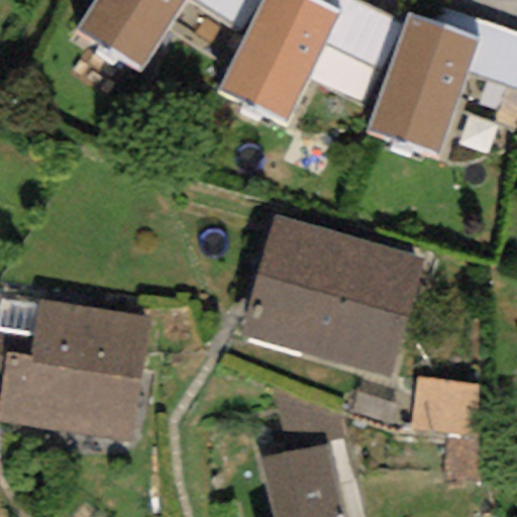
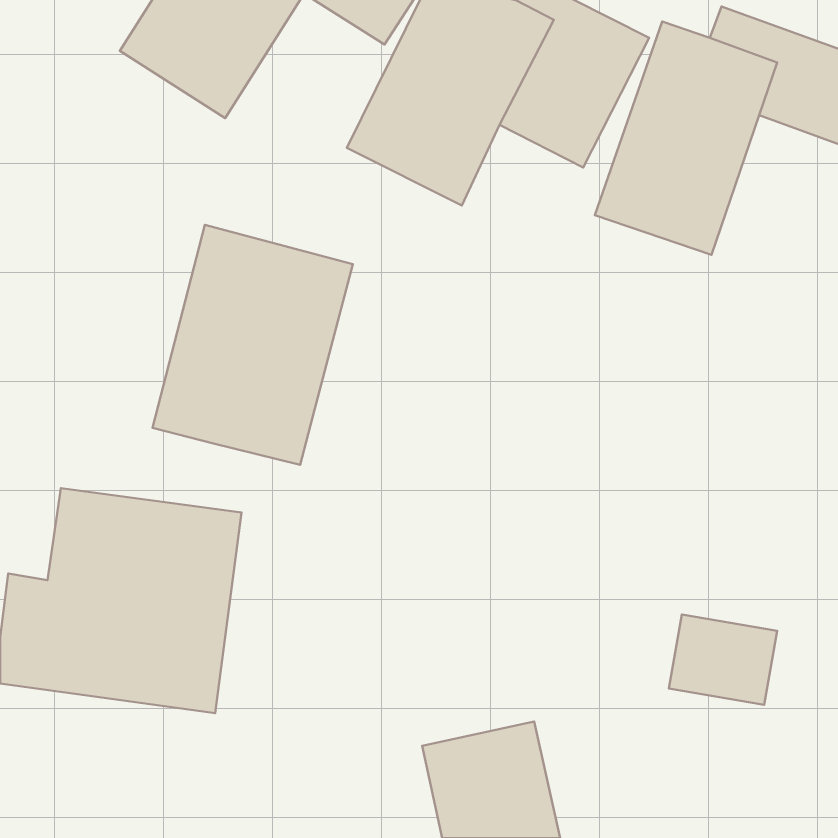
building: none -> [153,225,353,465]
building: [241,215,424,376] -> none

